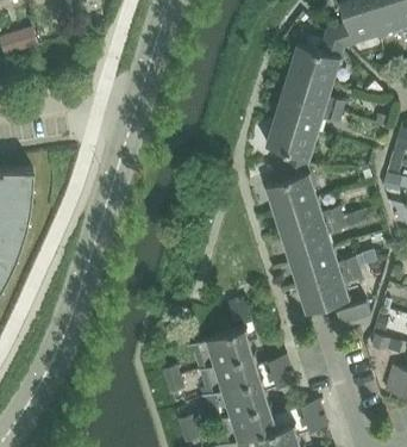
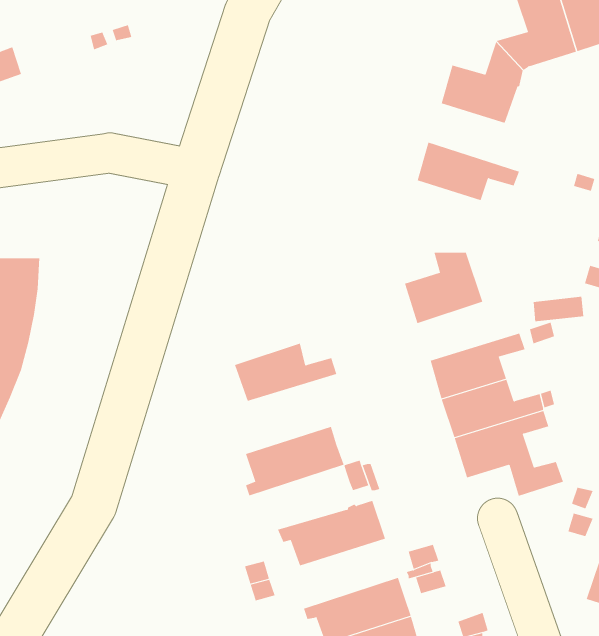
building: [282,70,345,114] -> none
building: [267,120,317,167] -> none
building: [275,199,342,237] -> [234,343,337,402]
building: [199,353,263,398] -> [245,426,344,496]

